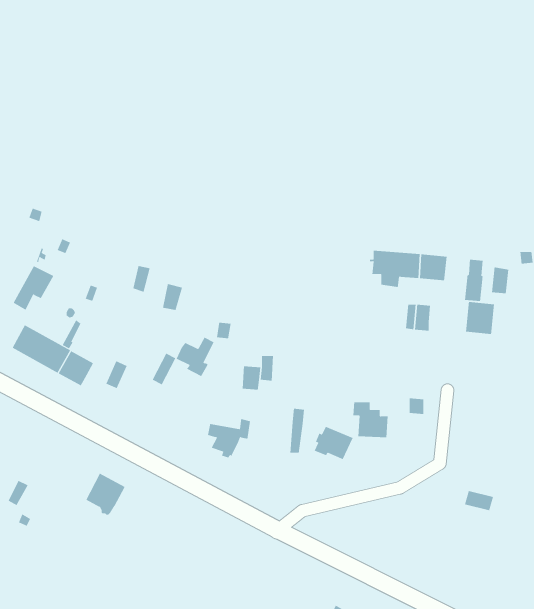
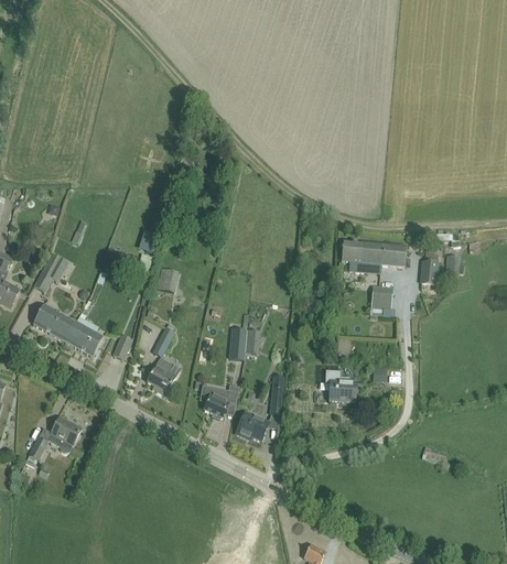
building: [465,301,495,335] -> none
building: [176,337,215,377] -> [147,362,180,397]
building: [314,426,354,460] -> [235,411,269,440]
building: [86,473,125,515] -> [46,415,80,452]

